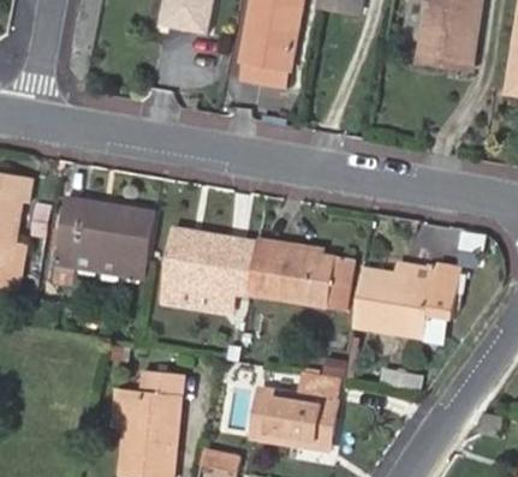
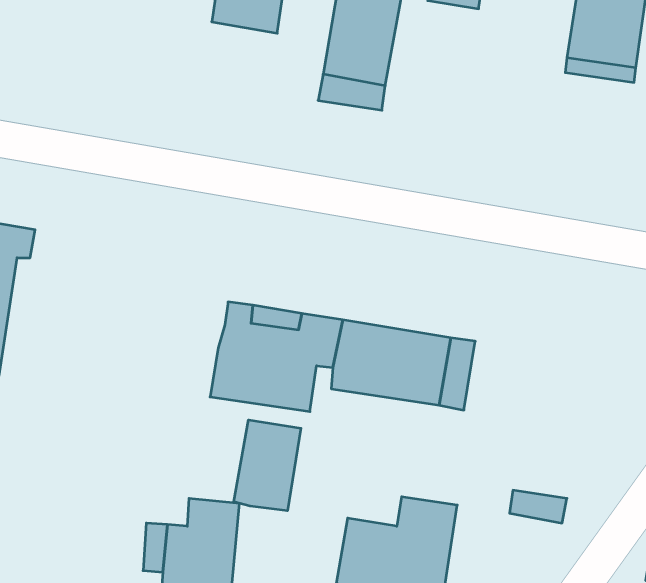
building: [58,198,155,275] -> none
building: [353,263,462,336] -> none
building: none -> [234,420,301,511]

